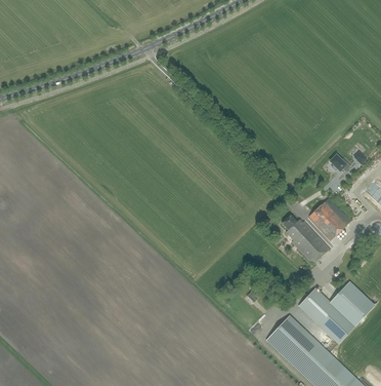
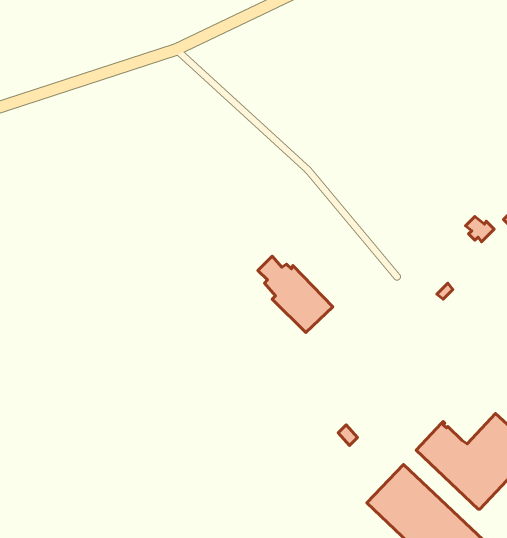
building: [309,201,346,240] -> none
building: [282,215,330,264] -> [258,256,333,332]

